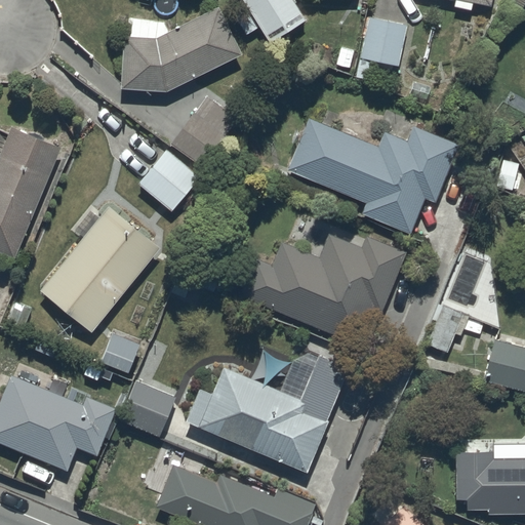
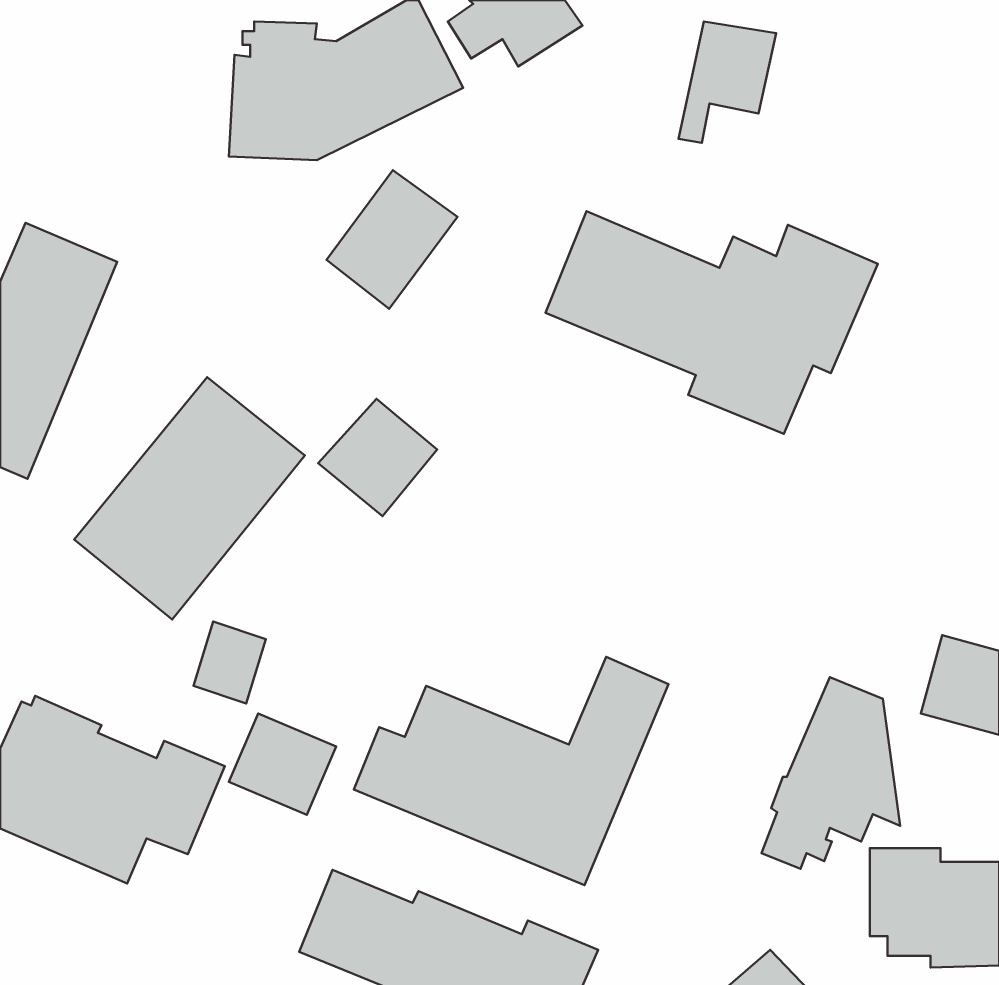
building: [136,150,199,211] -> [318,399,437,516]
building: [240,234,407,349] -> none
building: [427,253,499,354] -> [761,677,900,869]

